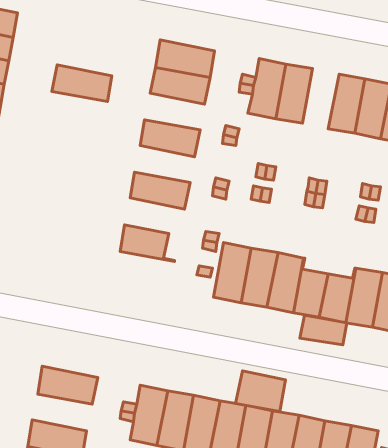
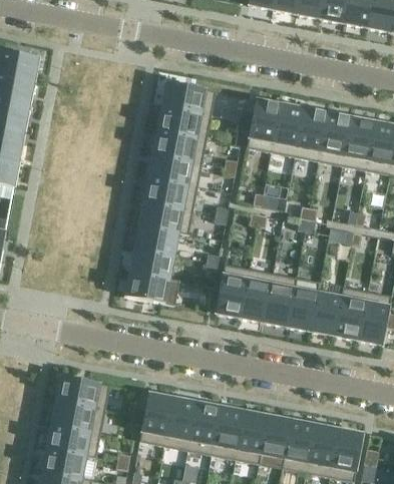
building: [52,65,112,102] -> [152,128,207,161]
building: none -> [295,106,328,160]
building: none -> [143,175,198,208]
building: none -> [134,222,188,255]
building: none -> [125,271,179,305]
building: [300,315,347,345] -> none
building: [235,371,285,412] -> none
building: none -> [51,399,105,432]

